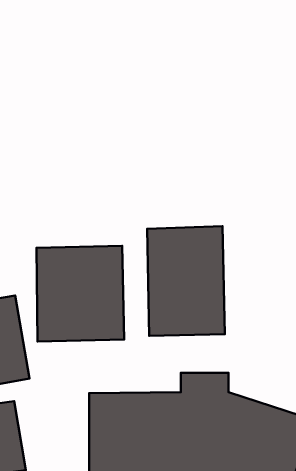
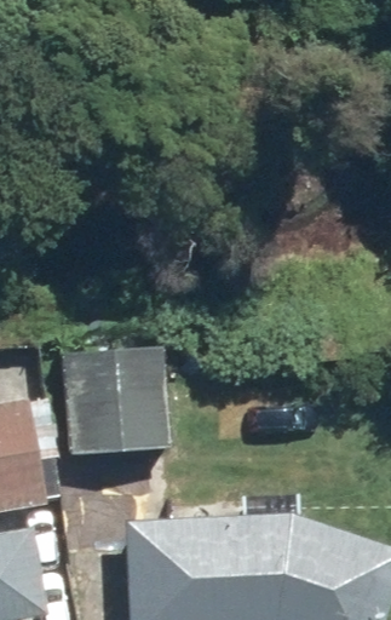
building: [147,226,225,336] -> none

